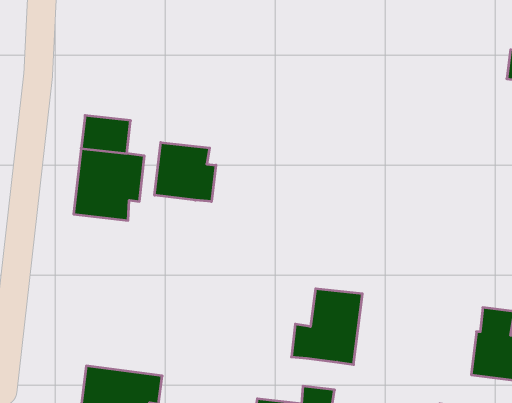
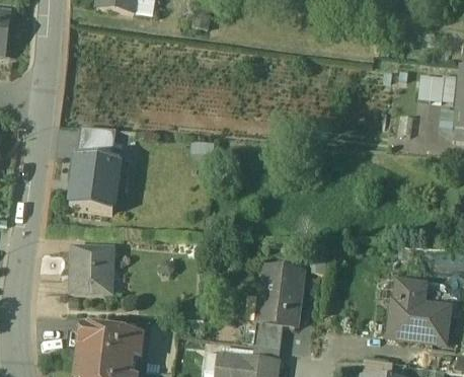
building: [155,142,216,202] -> none
building: none -> [69,247,114,293]
building: none -> [254,322,283,348]

